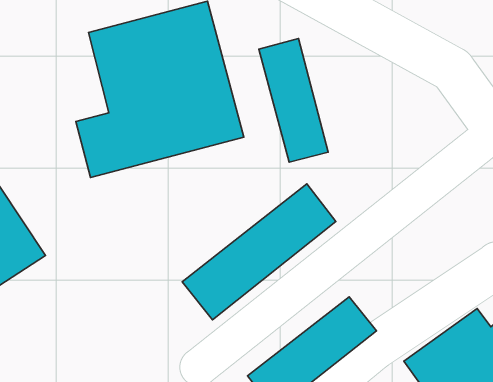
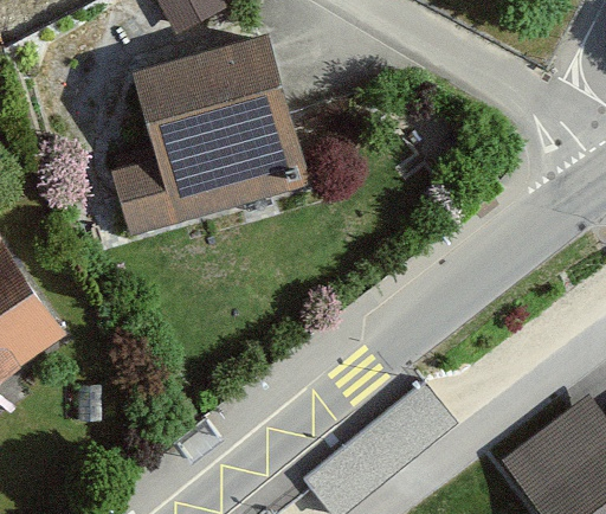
building: [259,39,328,162] -> none
building: [182,184,336,320] -> none

